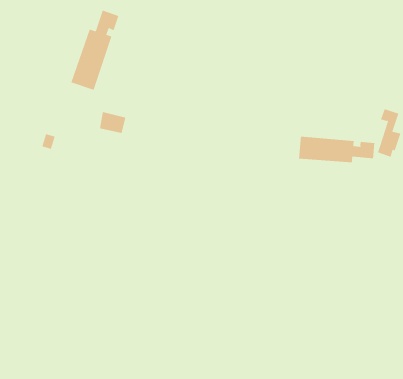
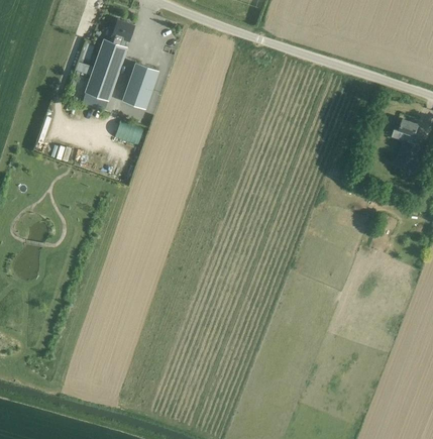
building: none -> [121,63,157,109]
building: [298,136,375,163] -> none

